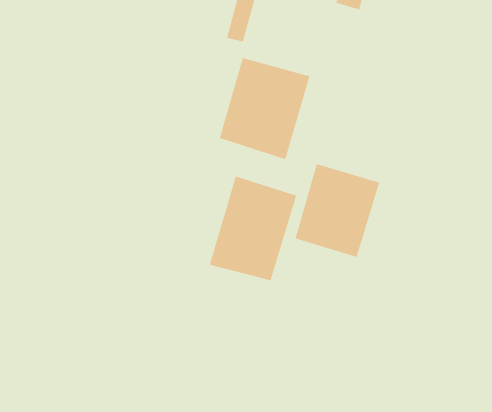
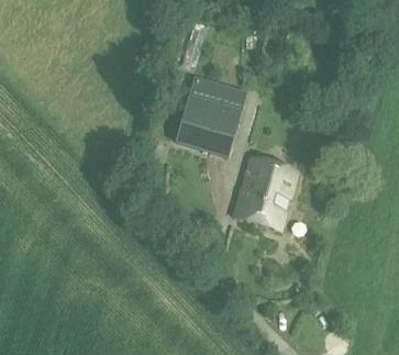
building: [209,176,297,281] -> none

